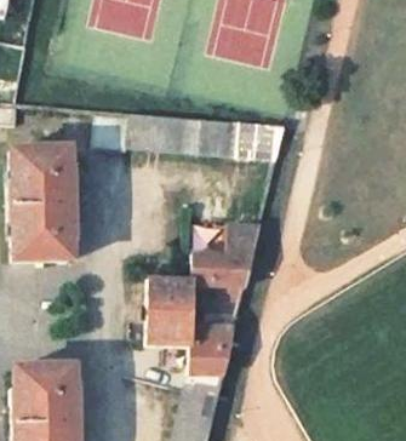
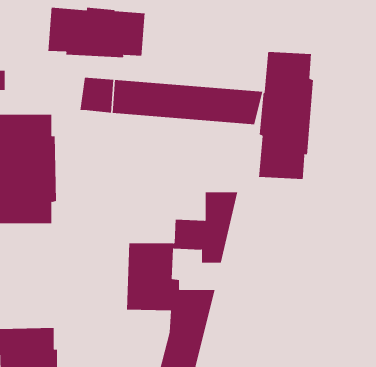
building: none -> [48,7,145,58]
building: none -> [258,51,314,180]

